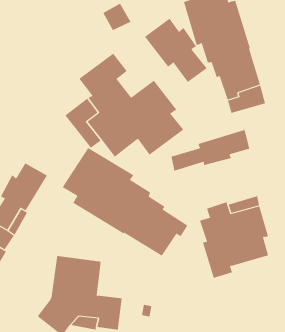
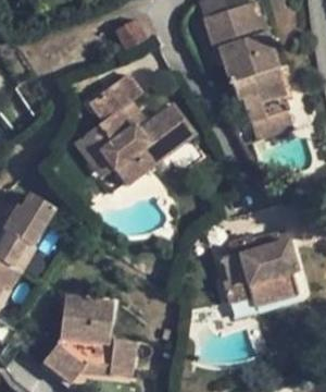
building: [144,18,208,83] -> none
building: [171,129,250,172] -> none
building: [62,147,188,257] -> none

